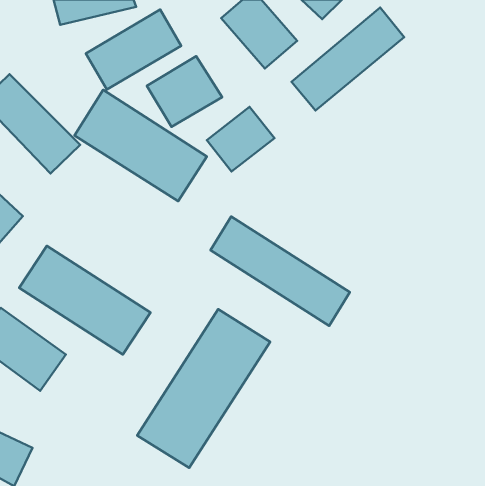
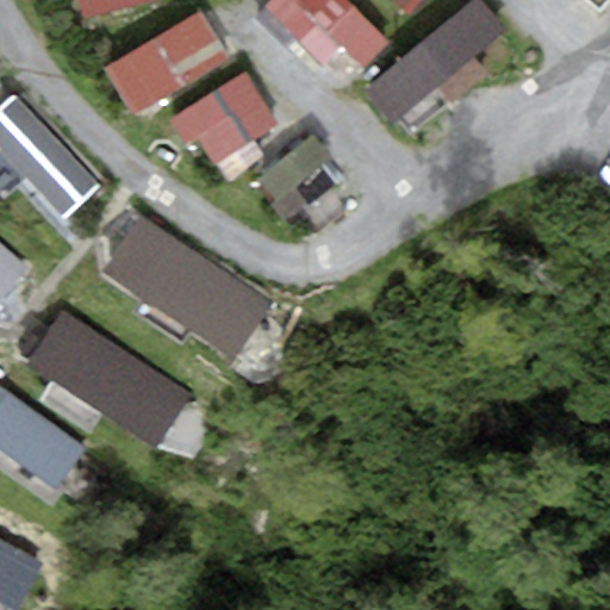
building: [74,90,207,201] -> [102,217,268,356]
building: [211,216,350,326] -> none
building: [137,309,270,468] -> none

